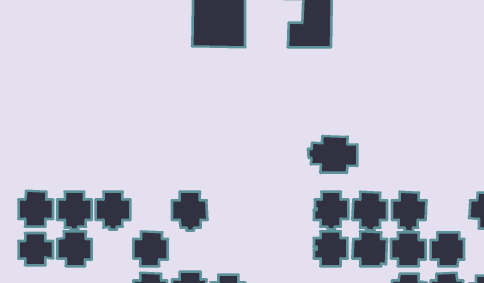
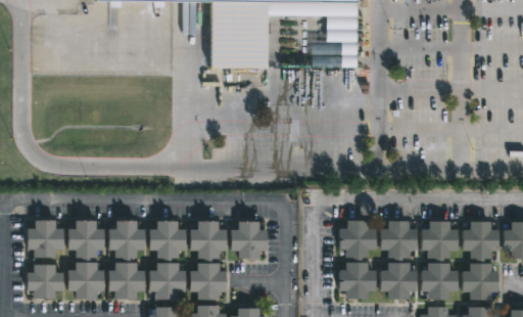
building: [308,136,357,173] -> none
building: none -> [148,220,185,260]
building: none -> [230,221,267,258]
building: none -> [463,221,500,261]
building: none -> [108,262,145,299]
building: none -> [189,263,227,299]

